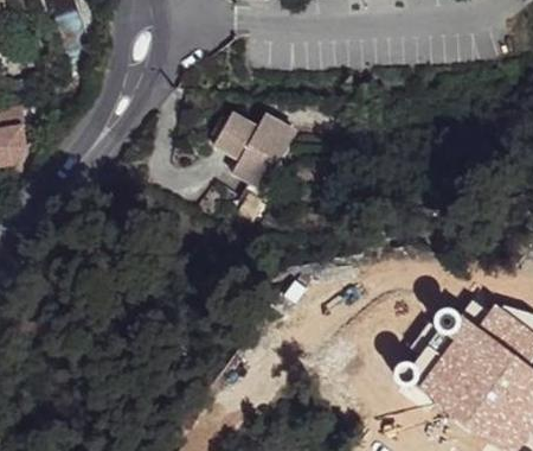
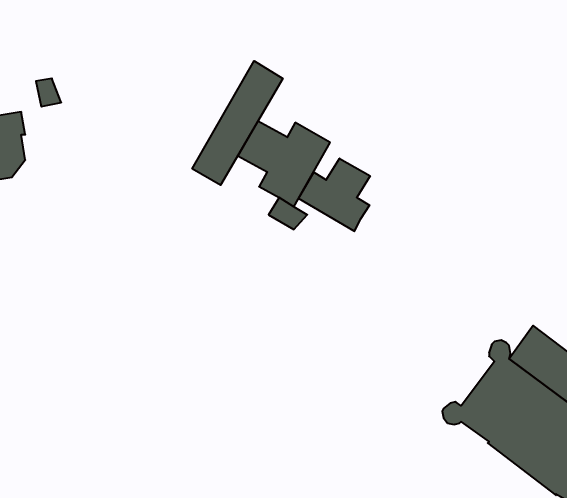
building: none -> [192,61,283,185]
building: none -> [299,158,370,231]

